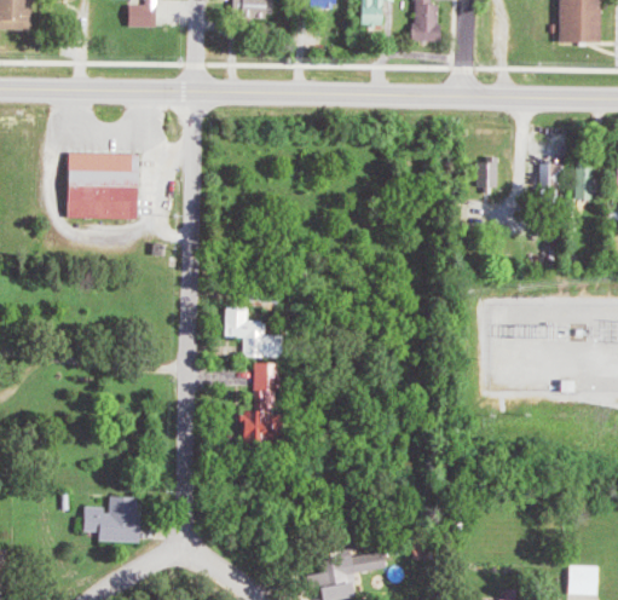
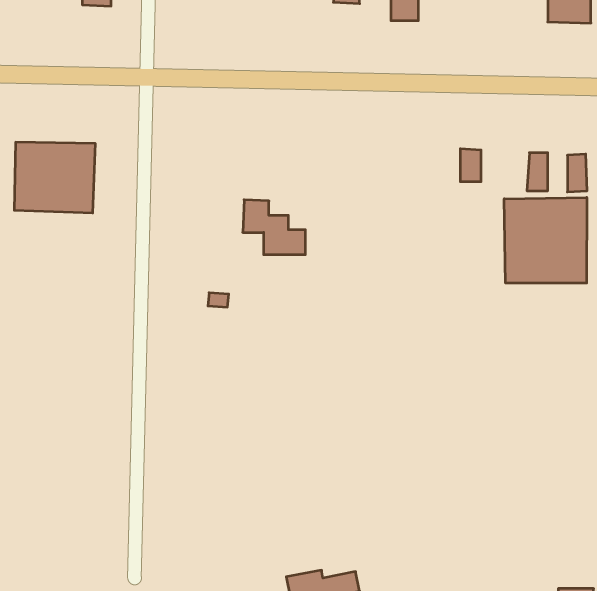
building: none -> [504,197,587,283]
building: [224,306,282,357] -> [243,200,305,255]
building: [239,363,277,442] -> none
building: [82,496,137,542] -> none

